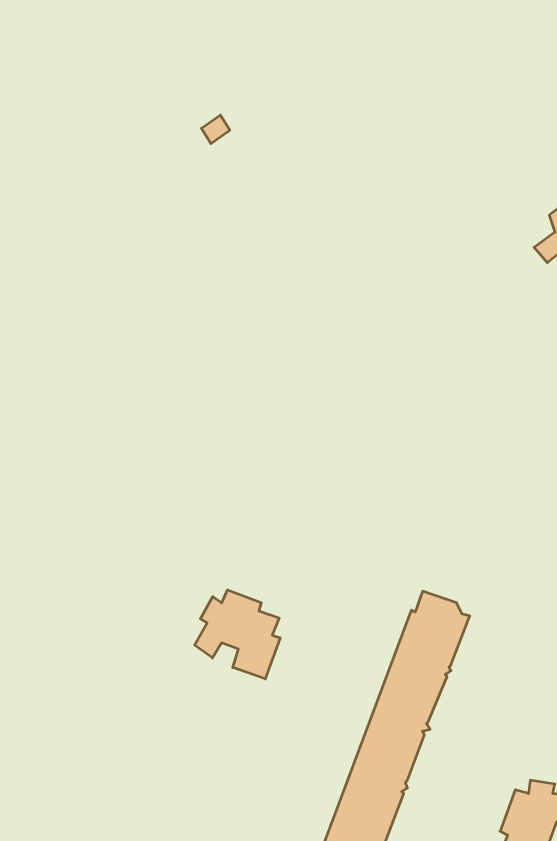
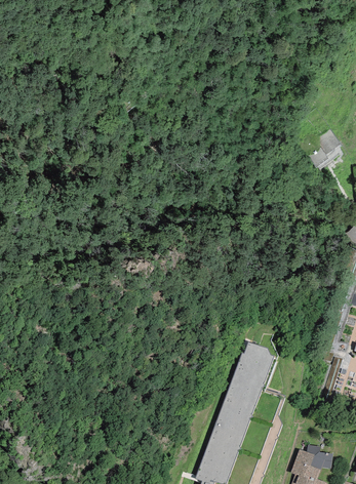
building: [195,590,280,679] -> none

